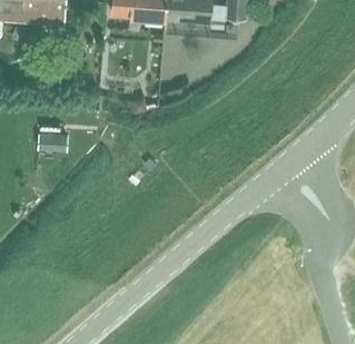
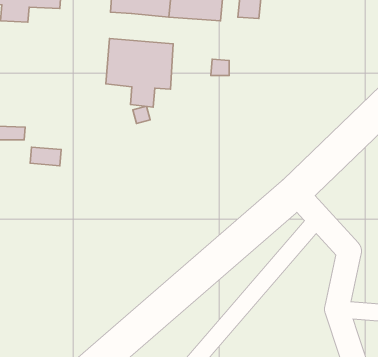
building: none -> [106,38,173,107]

